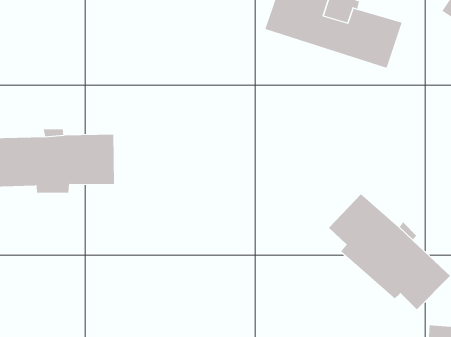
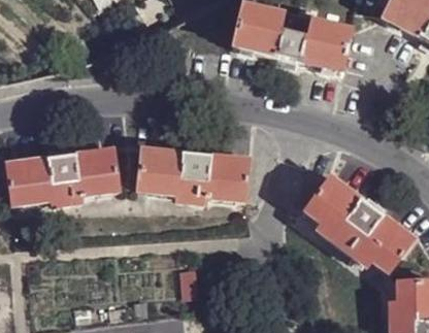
building: none -> [136,148,248,203]

